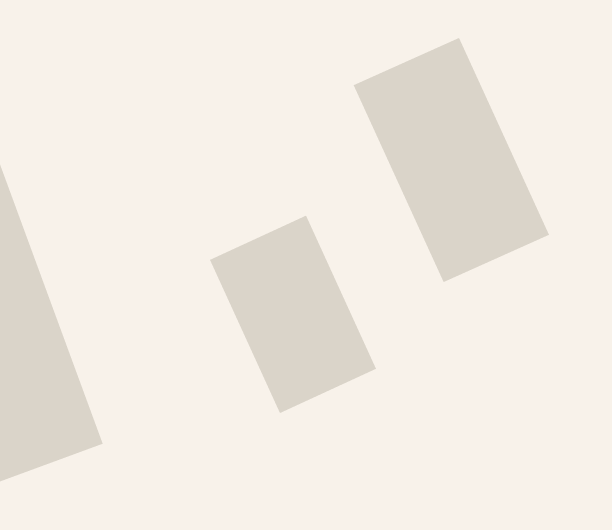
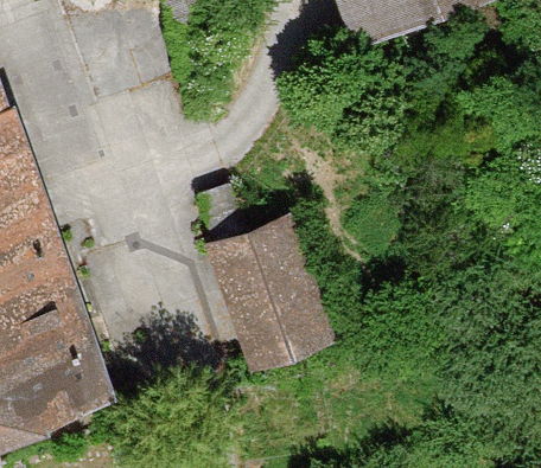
building: [353,37,550,283] -> none

